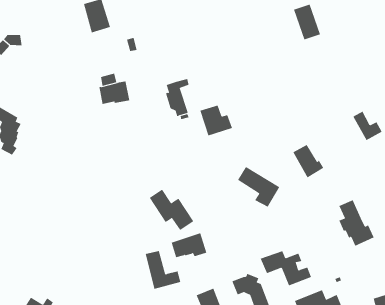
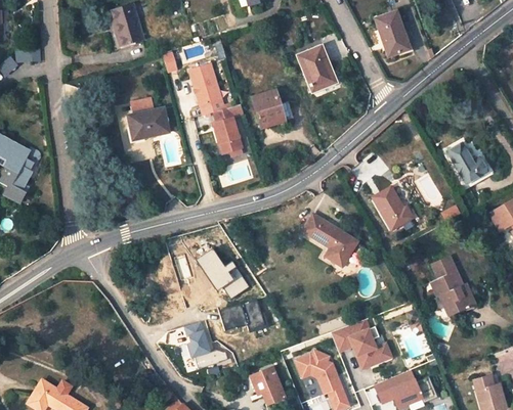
building: none -> [298,46,334,90]
building: none -> [188,62,224,116]
building: [200,105,233,136] -> [251,89,293,129]

